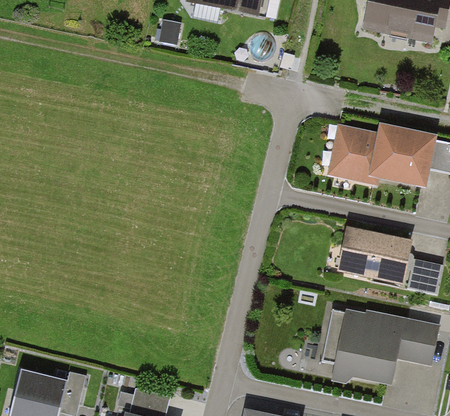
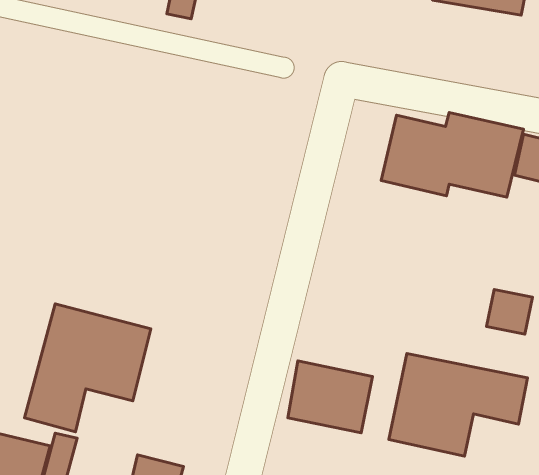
building: [335,224,411,284] -> none
building: none -> [24,304,151,432]
building: none -> [288,361,373,433]

